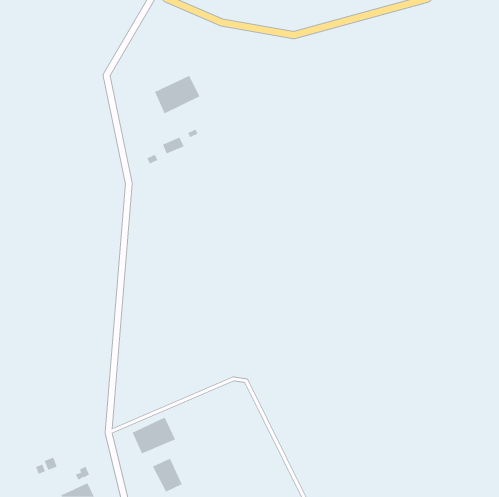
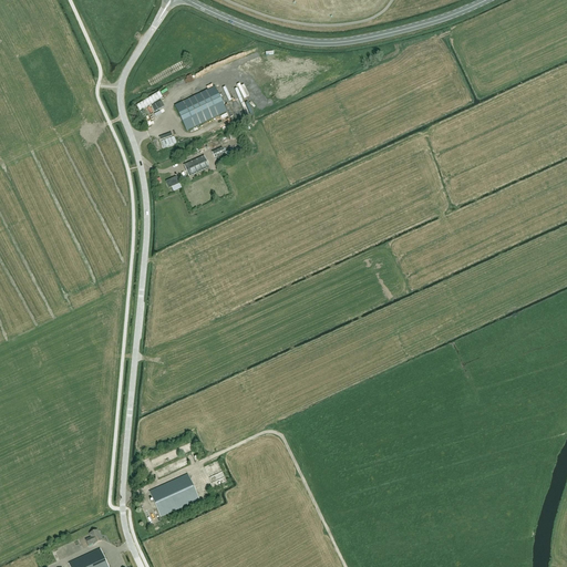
building: [152,458,183,493] -> none

